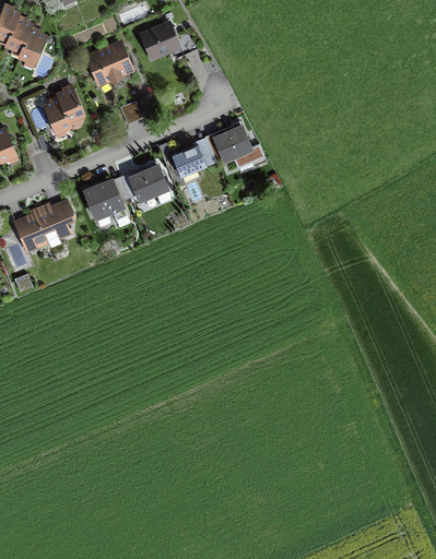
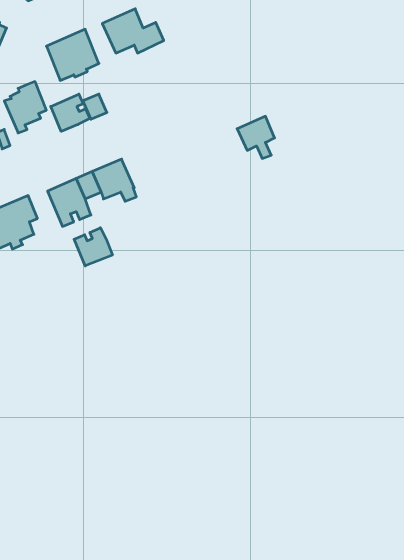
building: none -> [51,94,90,131]
building: [214,127,250,167] -> [237,116,275,158]
building: [170,136,215,180] -> none
building: none -> [74,228,112,266]

